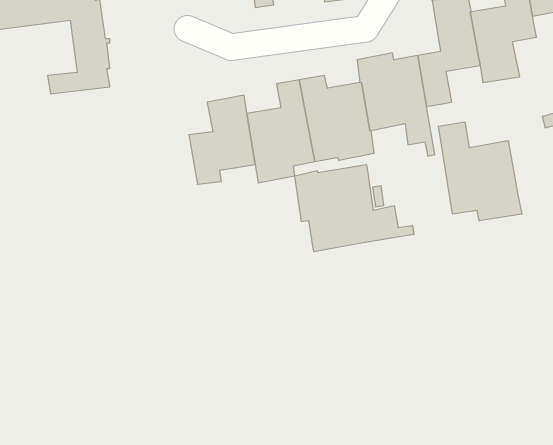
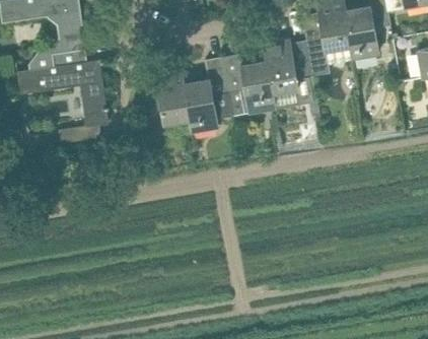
building: none -> [16,60,109,143]
building: [439,122,522,221] -> none
building: [295,164,414,252] -> none

